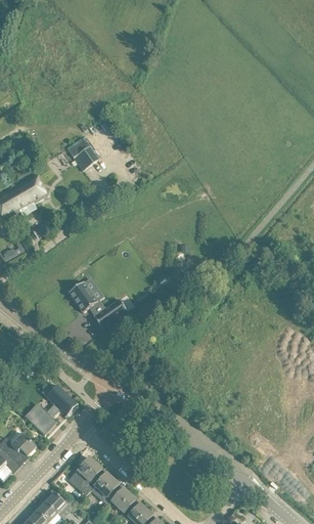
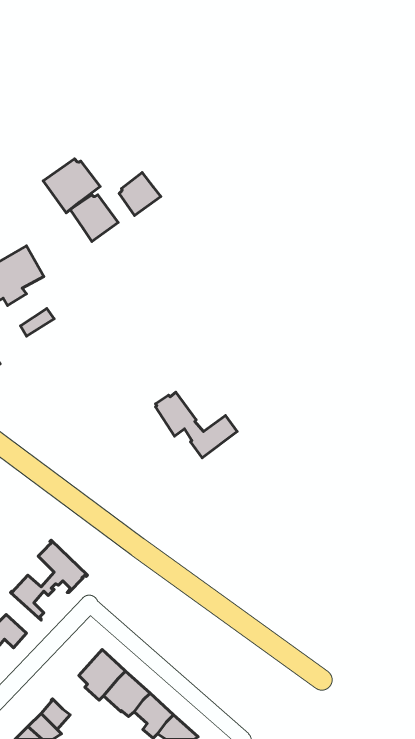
building: none -> [43,159,100,213]
building: none -> [119,173,161,216]
building: [69,281,126,328] -> [156,392,237,458]

